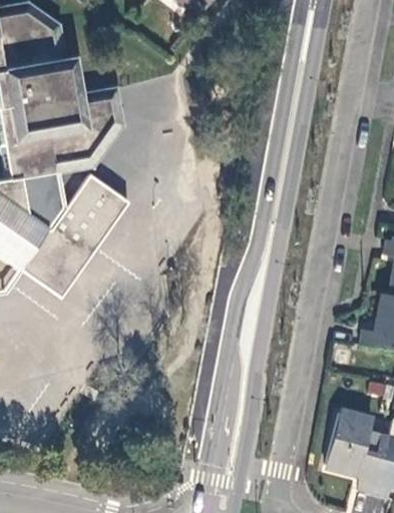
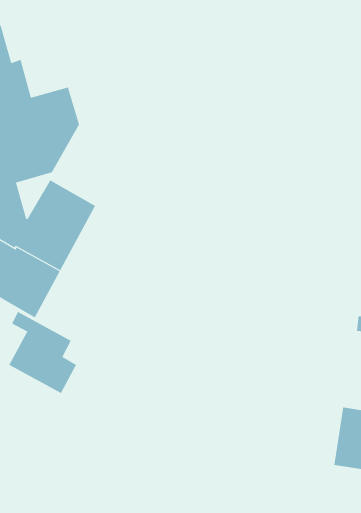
building: none -> [8,311,77,394]

